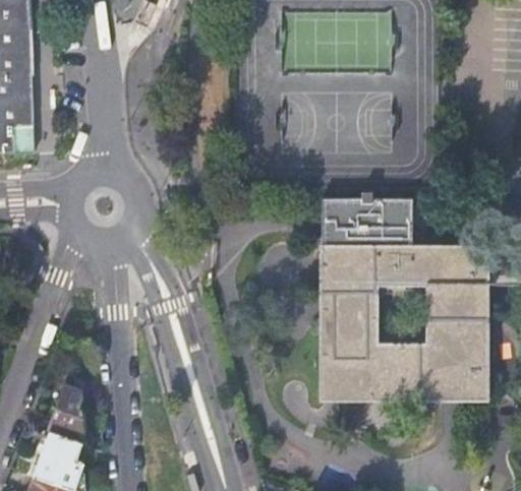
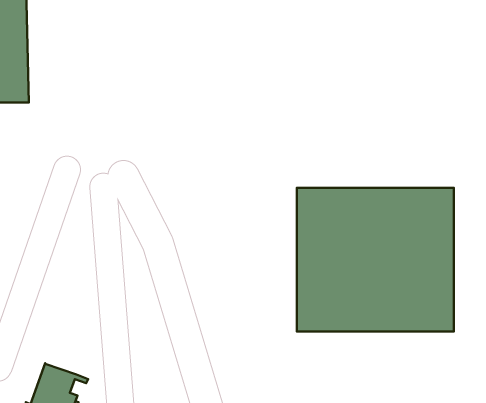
building: [322,192,412,245] -> none
building: [50,388,83,443] -> none

